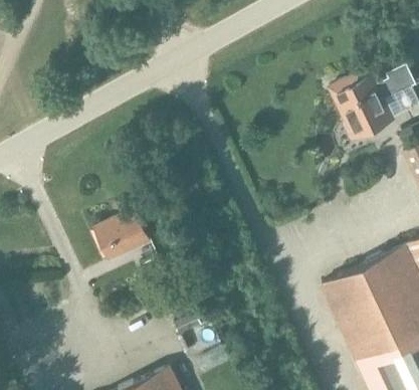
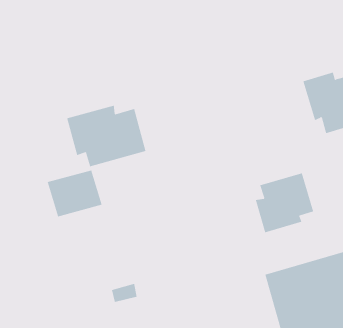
building: none -> [66,105,146,167]
building: none -> [255,172,314,233]

